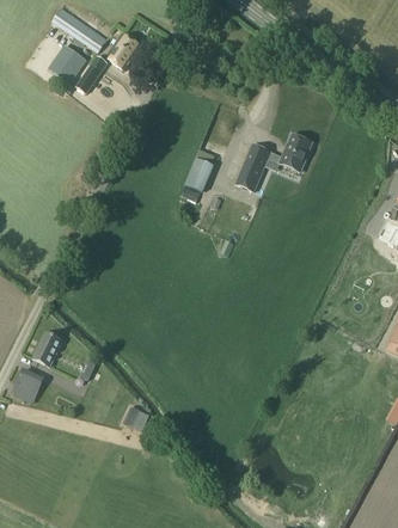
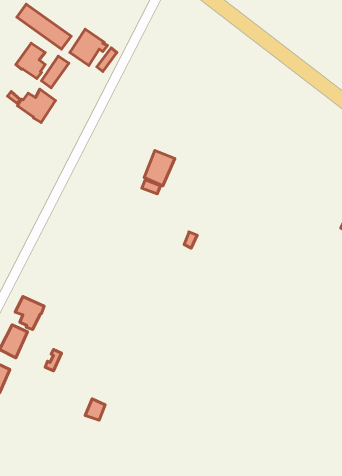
building: none -> [18,89,55,122]
building: [234,134,311,191] -> none
building: none -> [15,297,44,330]

